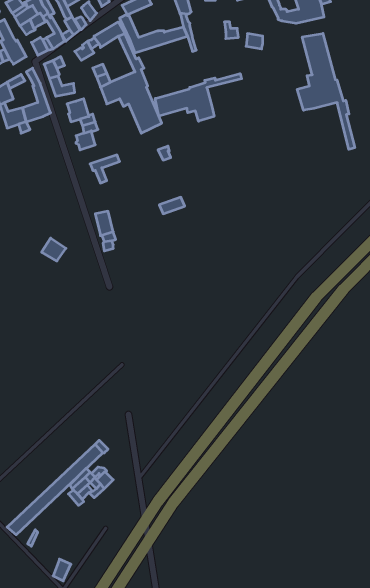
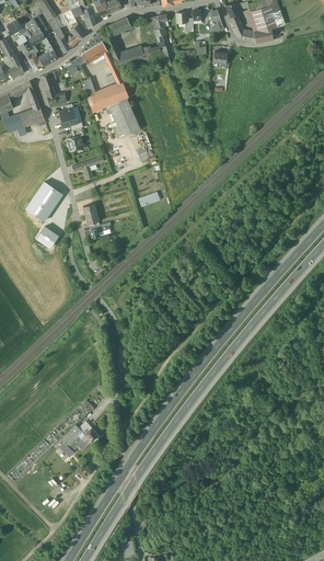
building: [297,33,355,149] -> none
building: [155,74,242,121] -> none
building: none -> [25,182,61,221]

